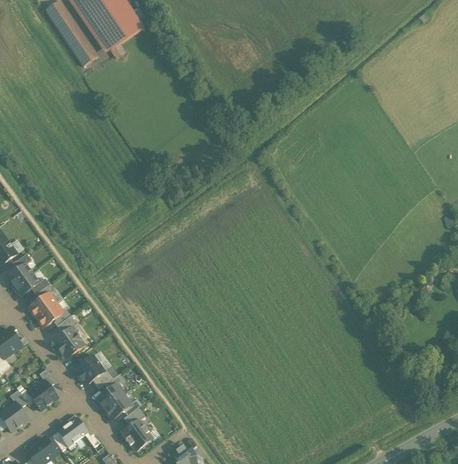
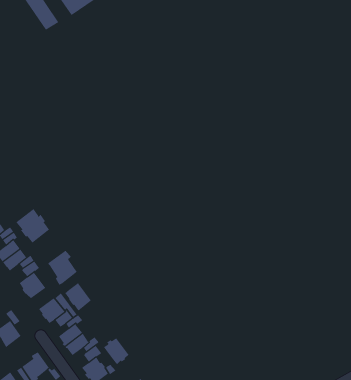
building: none -> [16,208,50,243]
building: none -> [47,250,78,285]
building: none -> [64,282,92,311]
building: none -> [103,337,129,365]

